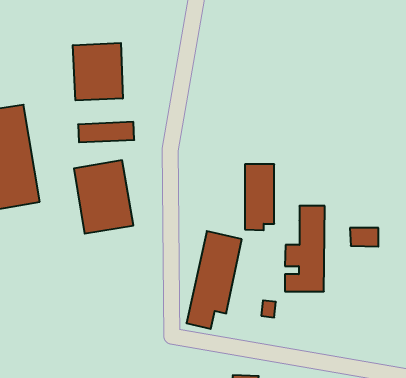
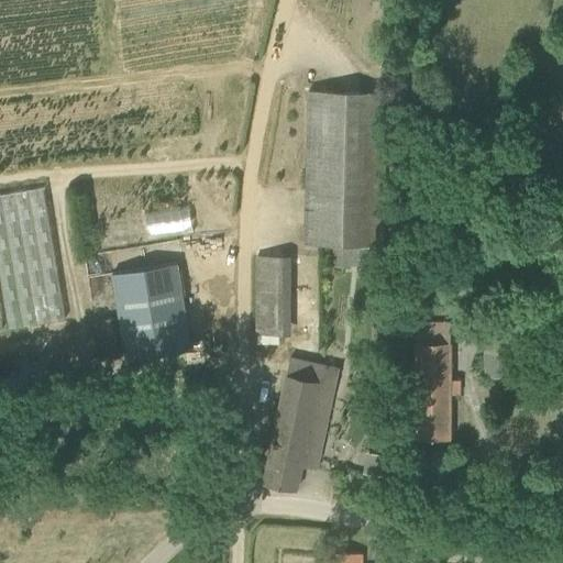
building: none -> [306,91,386,247]
building: [73,43,123,100] -> none
building: [245,164,274,230] -> [255,254,295,343]

